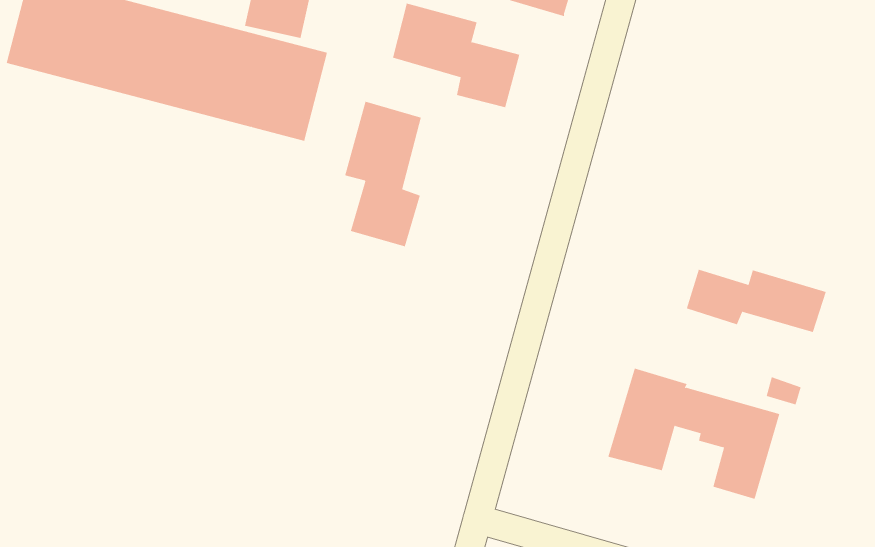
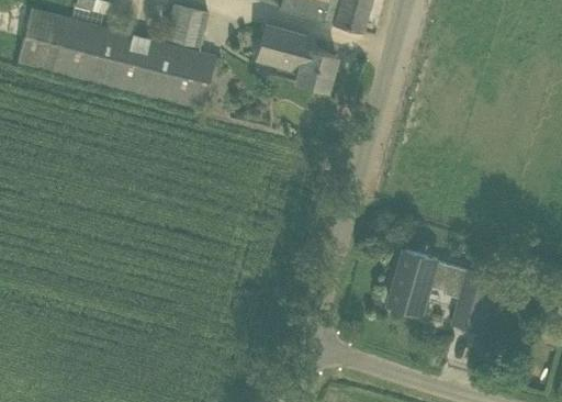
building: [345,101,422,247] -> none
building: [686,269,827,333] -> none

